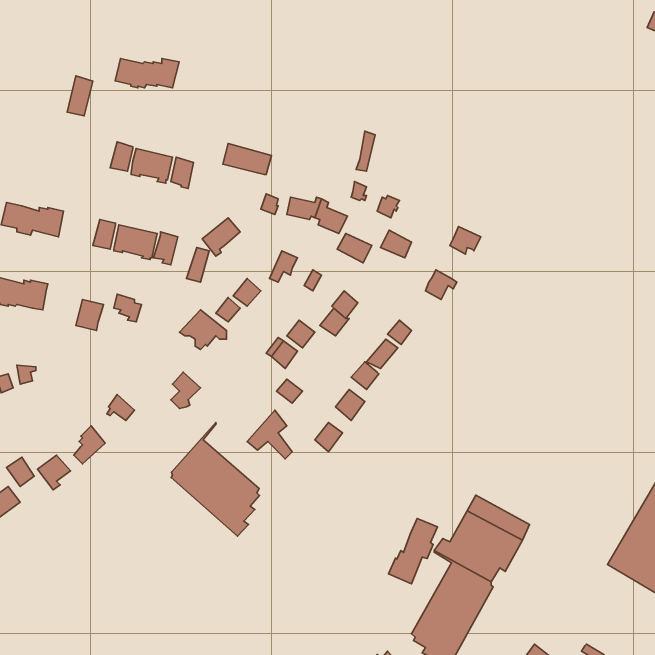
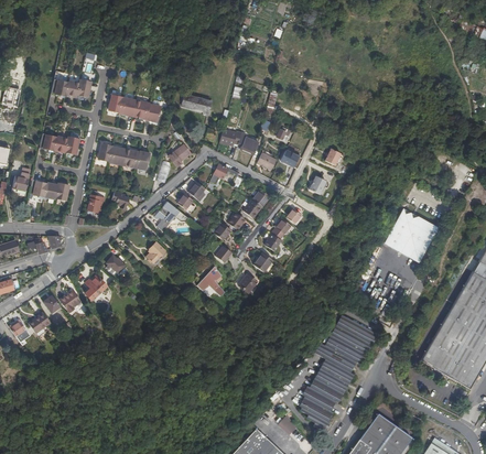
building: [115,58,179,88] -> [52,77,93,96]
building: none -> [381,210,435,263]
building: [171,422,259,536] -> none
building: [389,519,437,584] -> none

